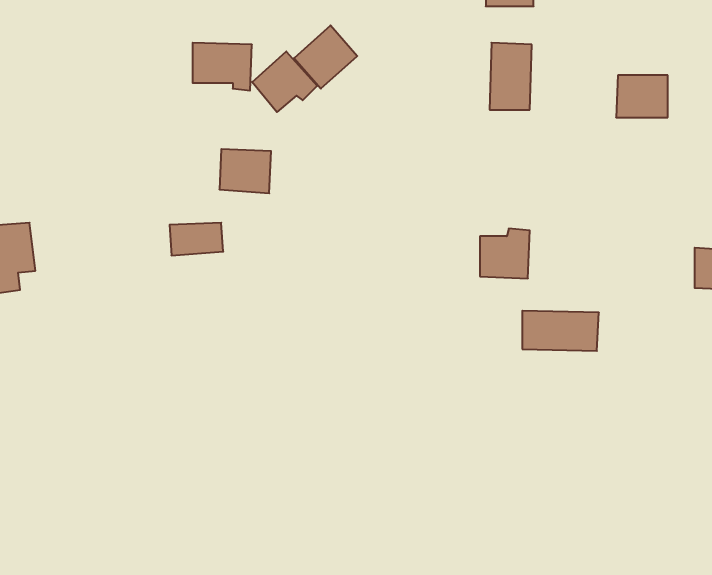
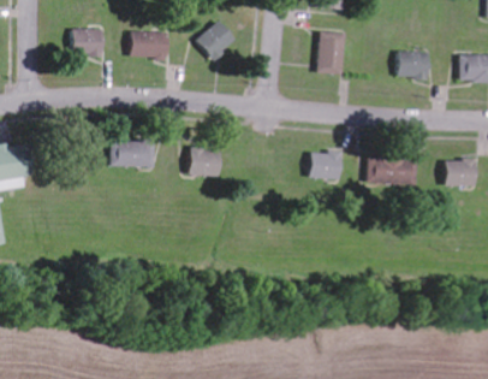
building: none -> [71,29,102,55]
building: [252,51,317,112] -> none
building: [219,149,271,193] -> [189,149,221,177]
building: [522,311,599,351] -> [368,158,416,183]

